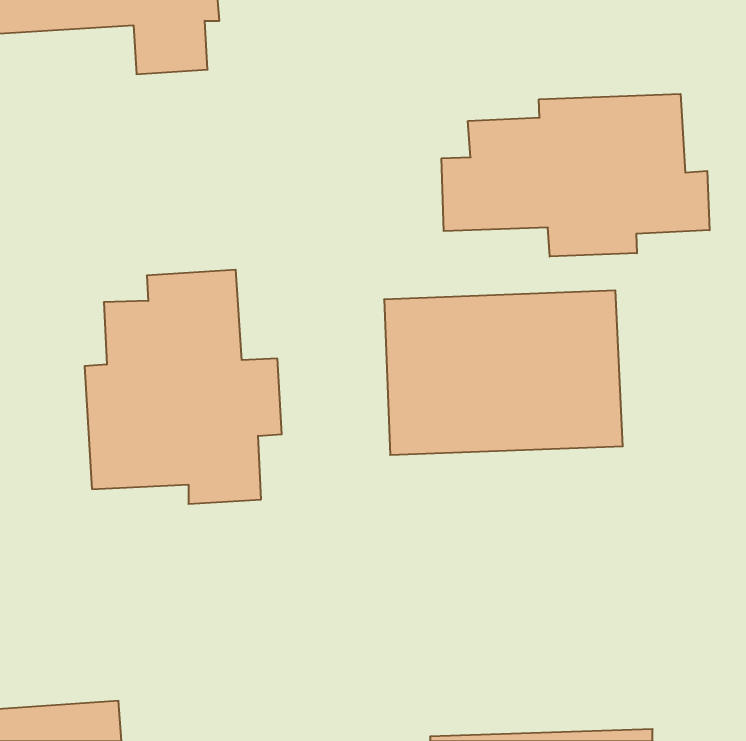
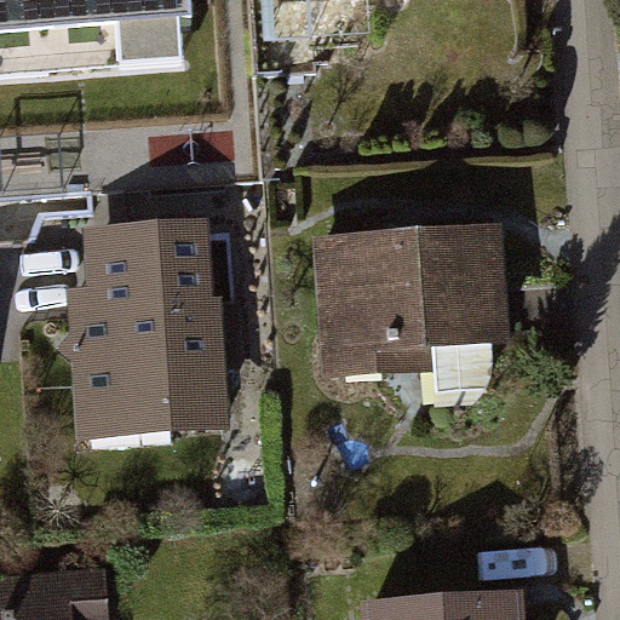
building: [442,94,710,257] -> none

